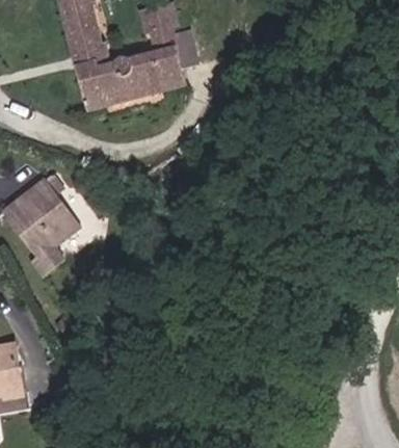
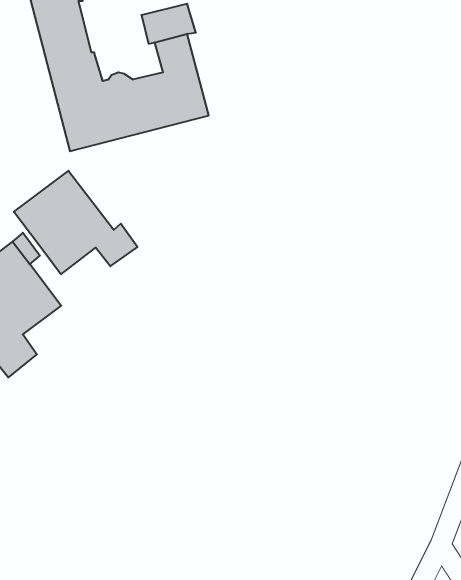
building: none -> [14,171,137,274]

